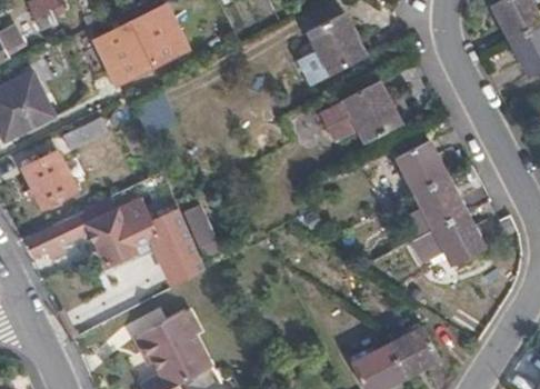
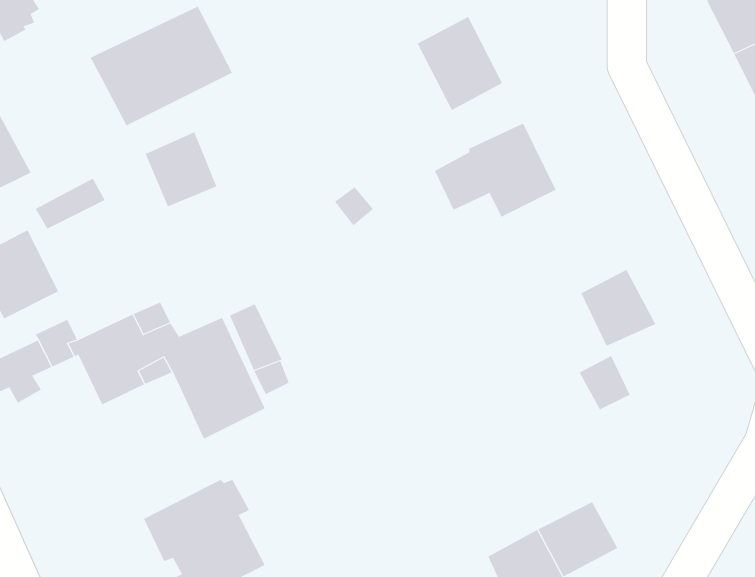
building: [394,141,443,192] -> none
building: [430,212,479,262] -> none

